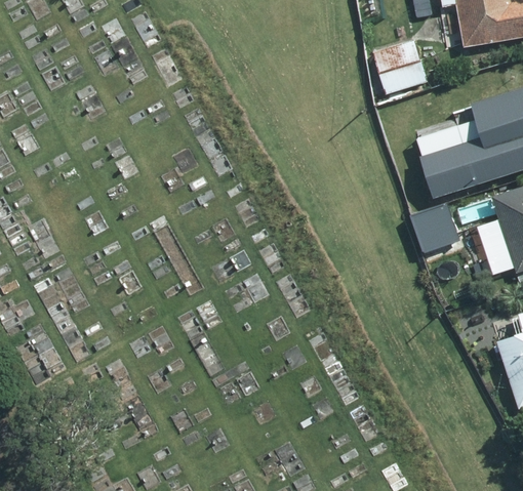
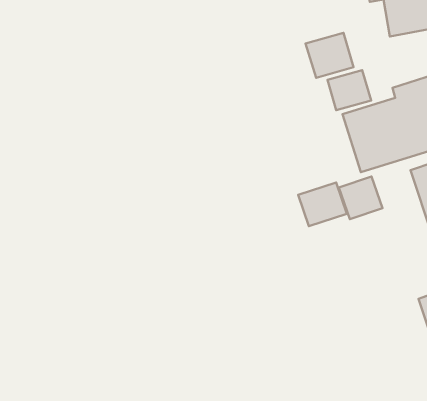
building: none -> [327,70,371,110]
building: none -> [298,182,347,226]

